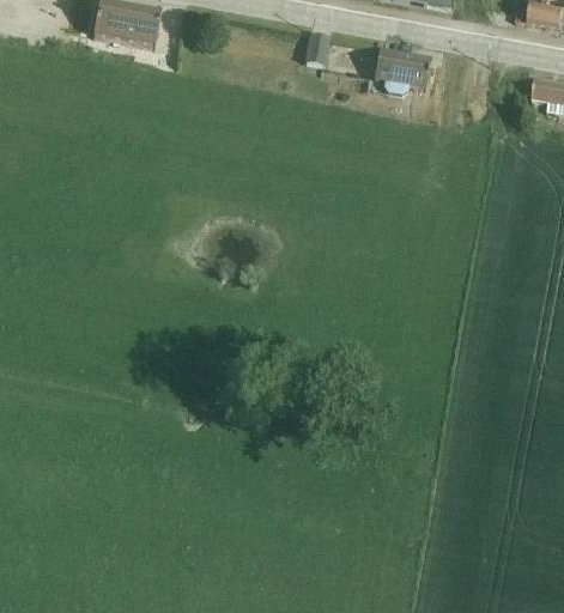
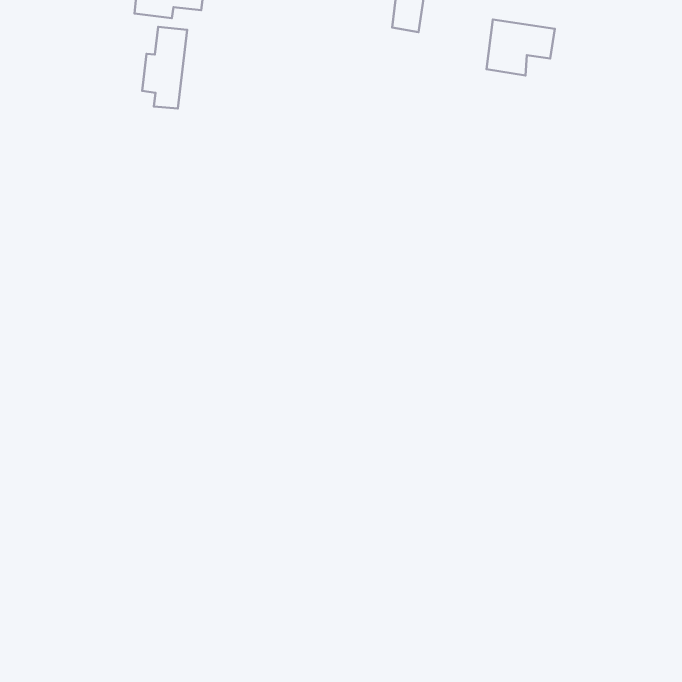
building: none -> [142,27,187,108]

